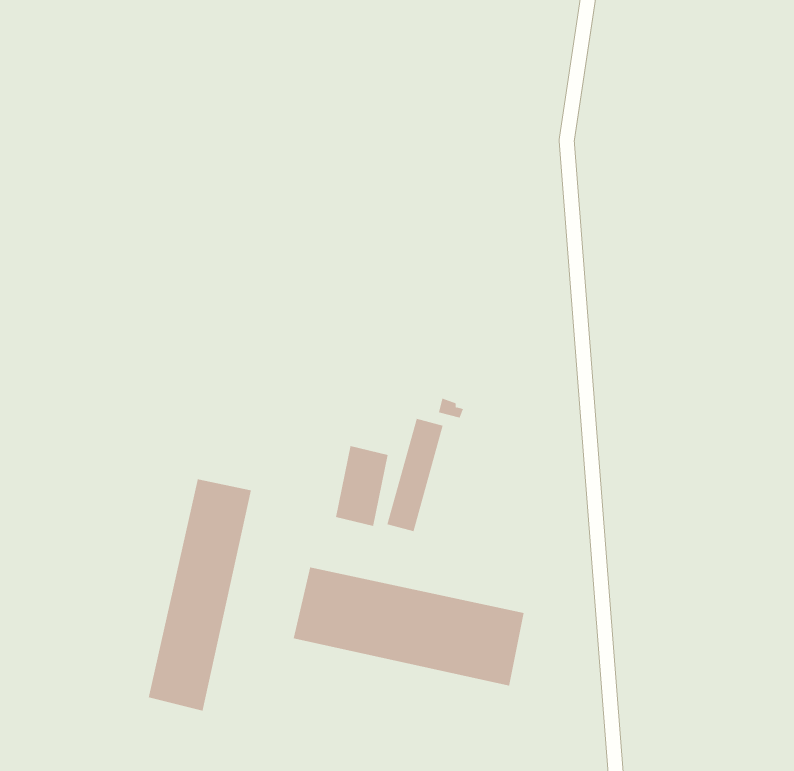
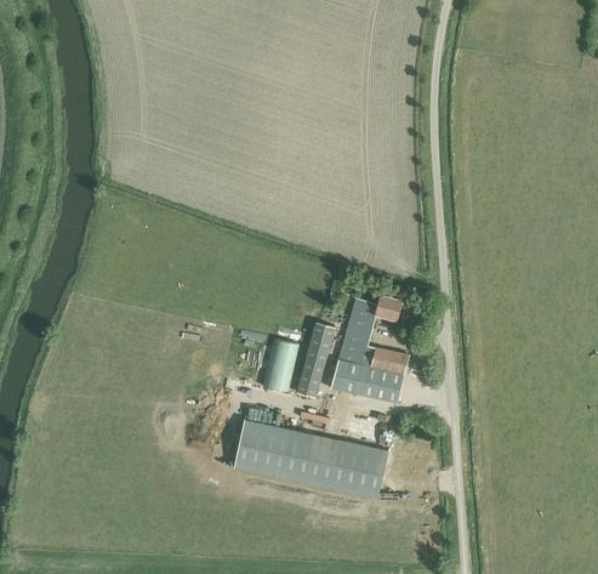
building: none -> [331,294,409,403]
building: [148,479,252,711] -> none

